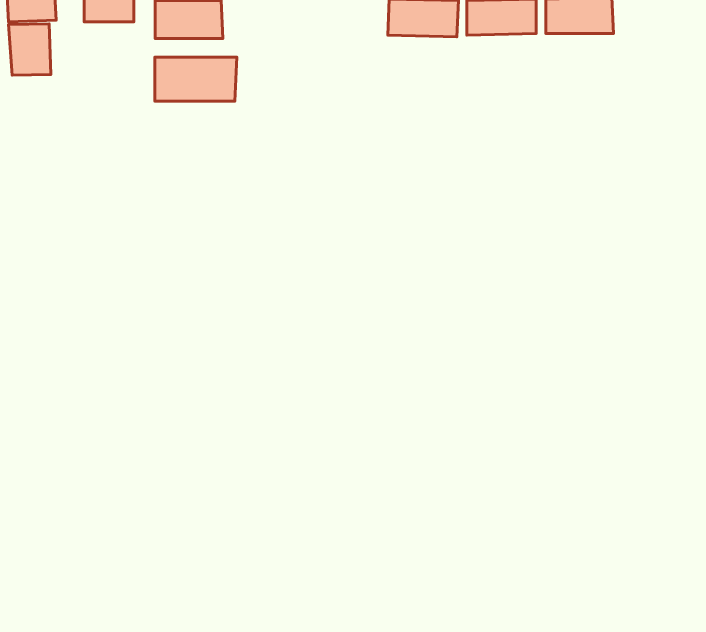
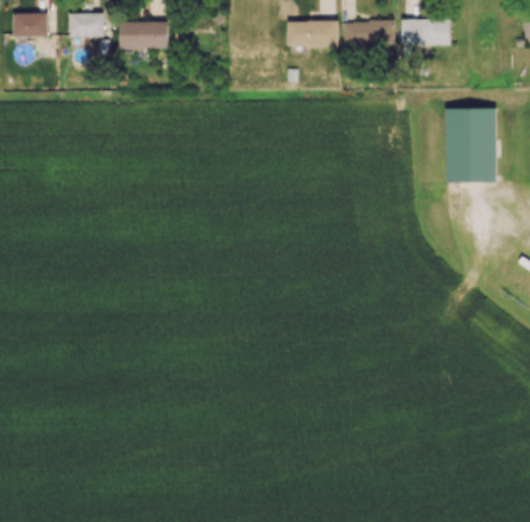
building: [9,24,51,75] -> none
building: [155,57,237,101] -> none
building: none -> [444,108,497,183]

